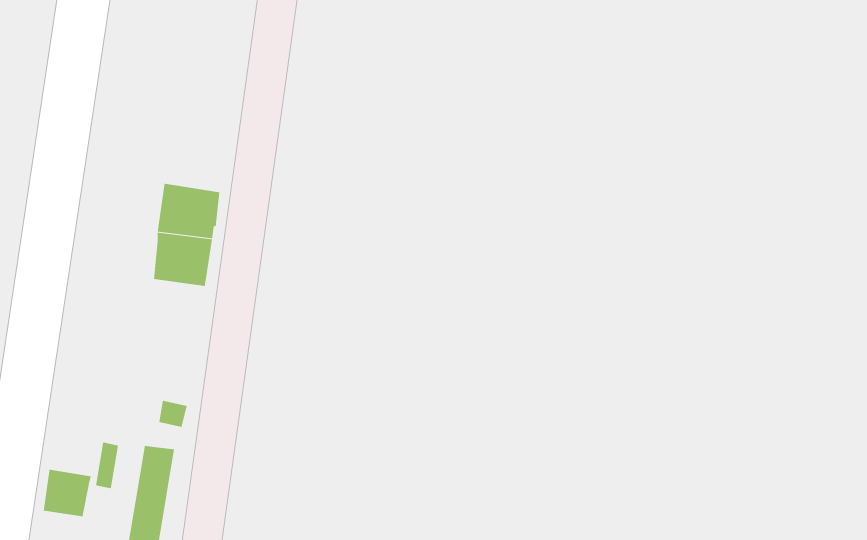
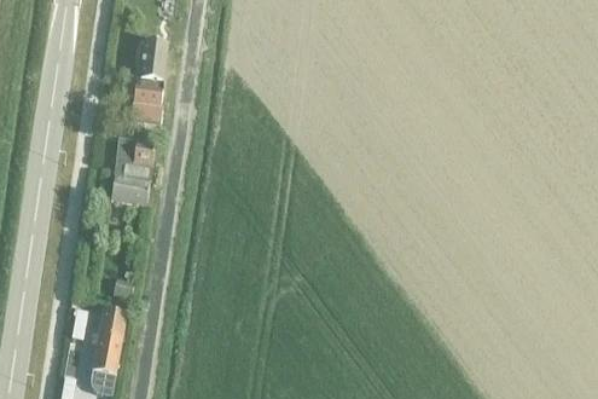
building: none -> [134,29,168,121]
building: [43,469,92,517] -> none

